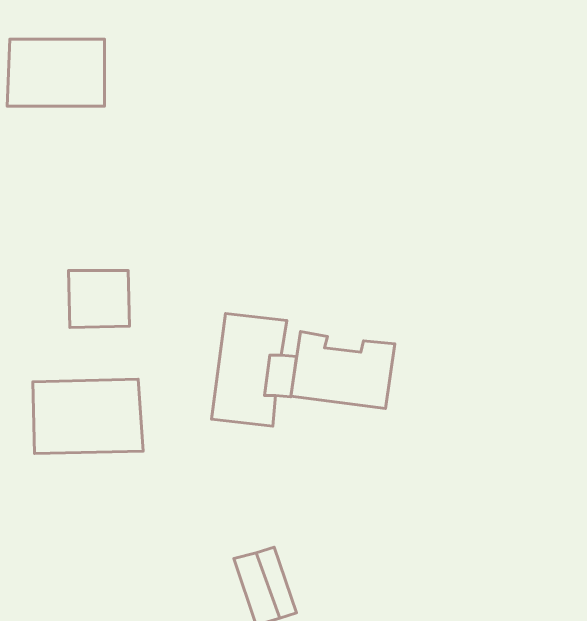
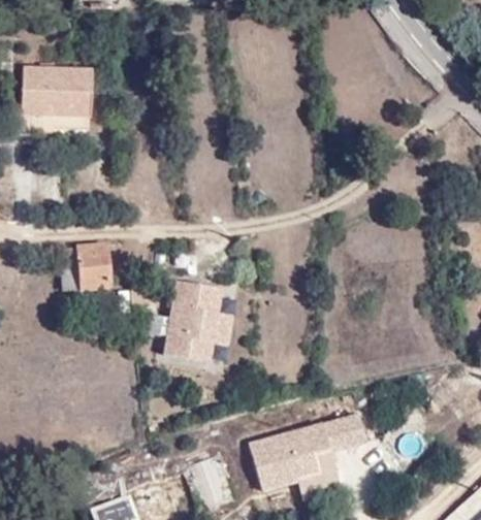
building: [291,332,395,409] -> none
building: [33,379,143,454] -> none
building: none -> [249,418,364,491]

